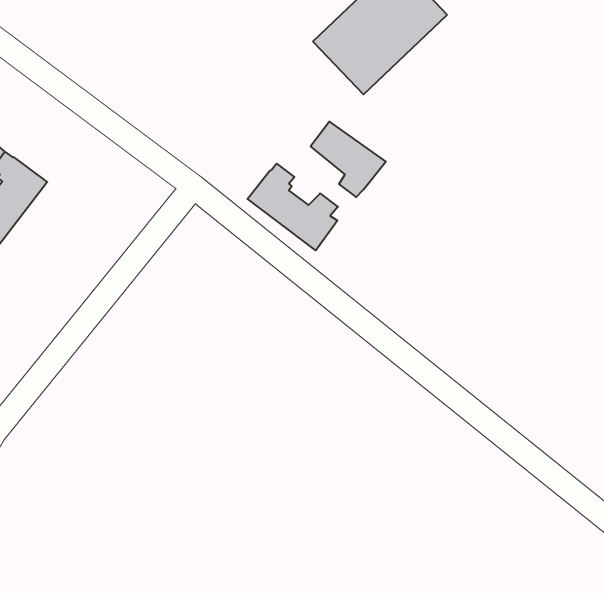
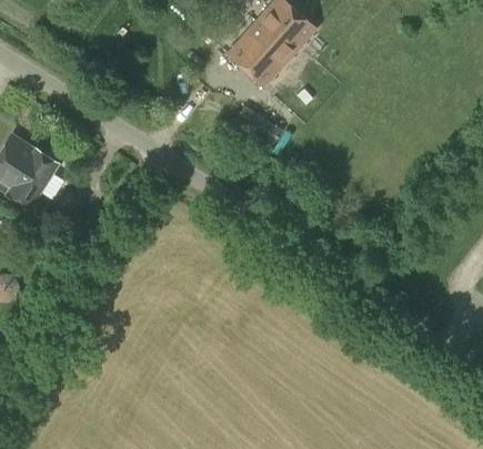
building: [247,164,338,250] -> none

